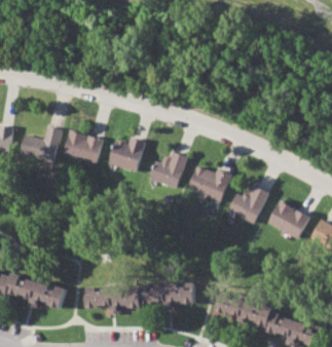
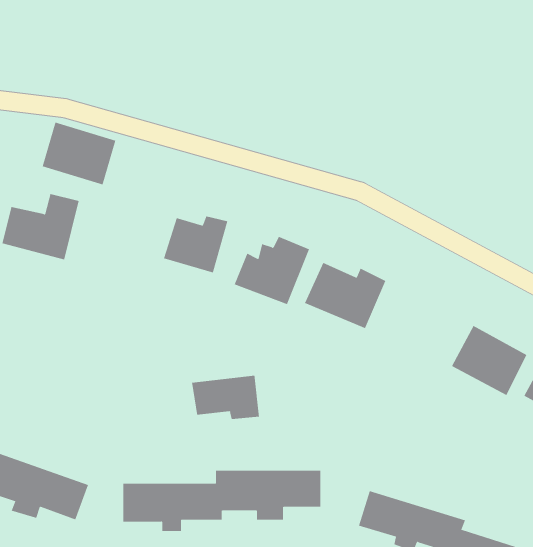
building: [63,130,104,165] -> [42,122,116,185]
building: [227,188,268,225] -> none
building: none -> [191,375,260,420]

